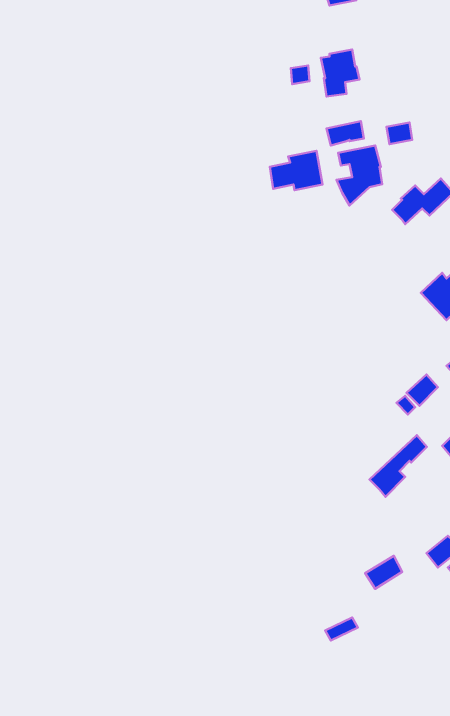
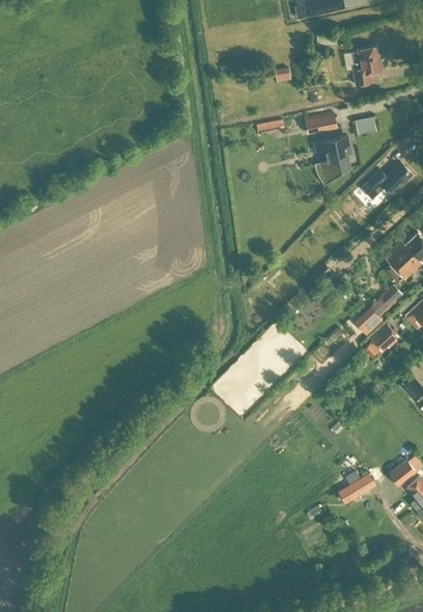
building: [321,49,359,97] -> [350,45,382,85]
building: [270,151,323,190] -> none
building: [370,435,427,497] -> [354,284,401,336]

